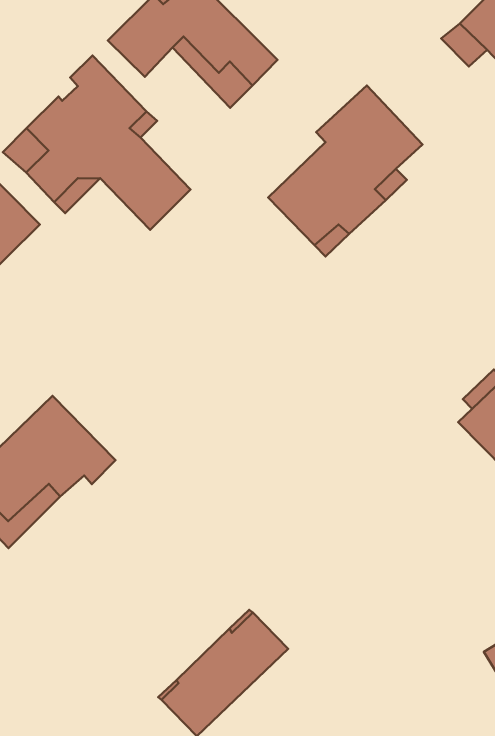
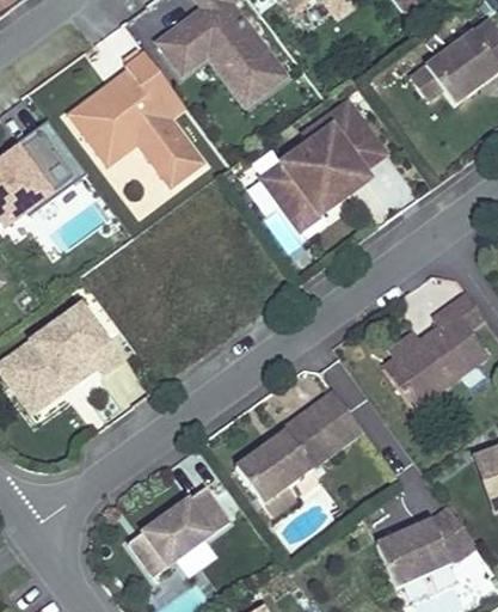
building: none -> [235,387,364,502]

